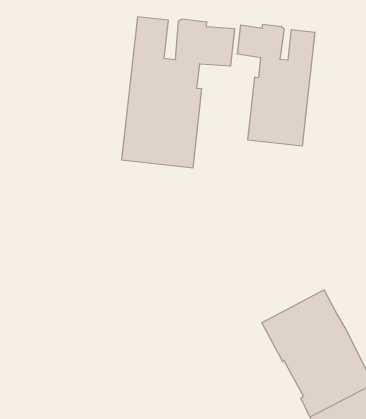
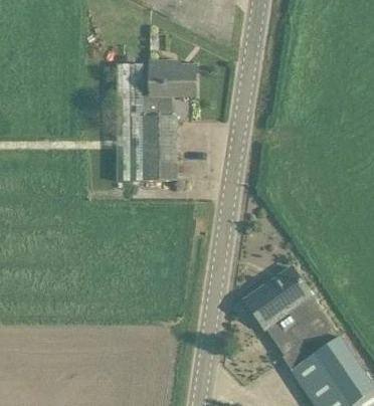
building: [238,24,315,146] -> none

